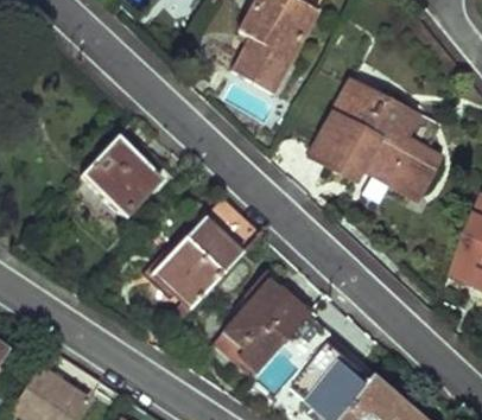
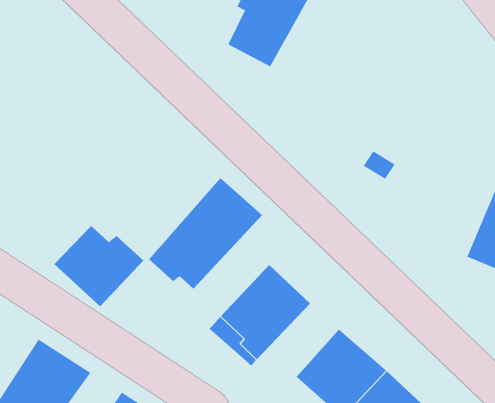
building: [311,84,435,197] -> none
building: [81,140,166,217] -> [53,225,144,307]

